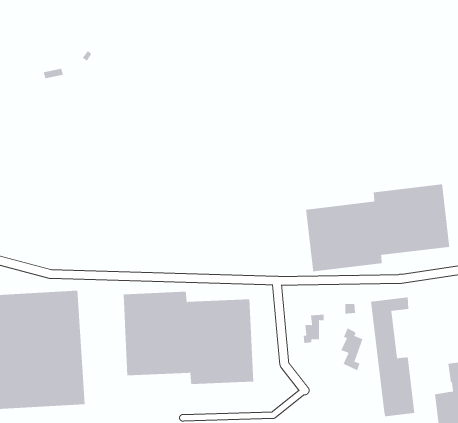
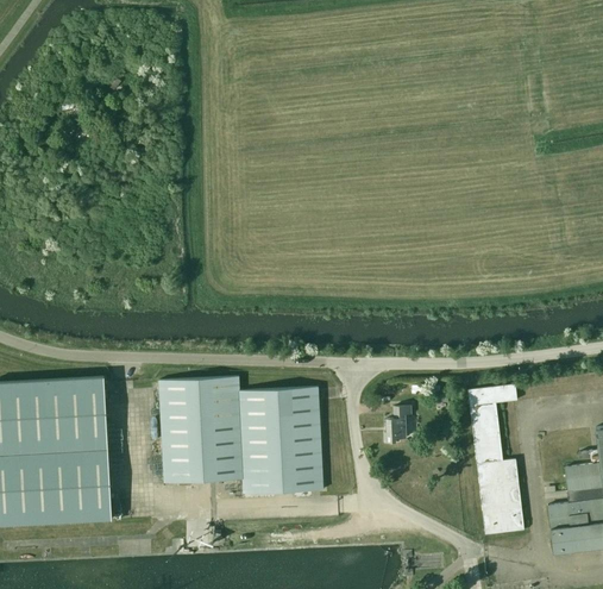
building: [306,184,450,272] -> none
building: [341,327,363,371] -> none

